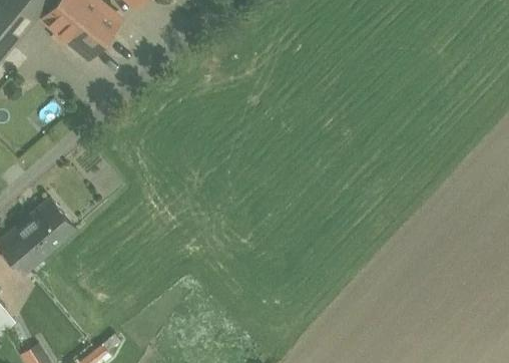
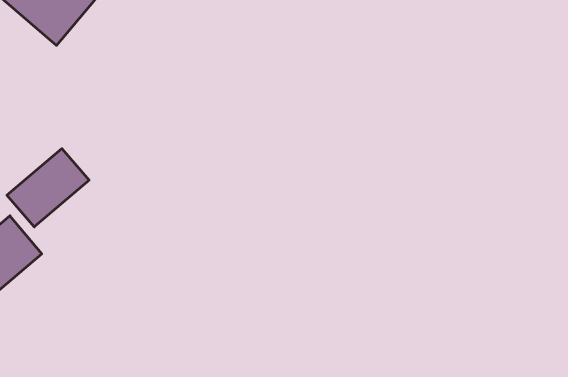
building: none -> [7,149,89,227]

